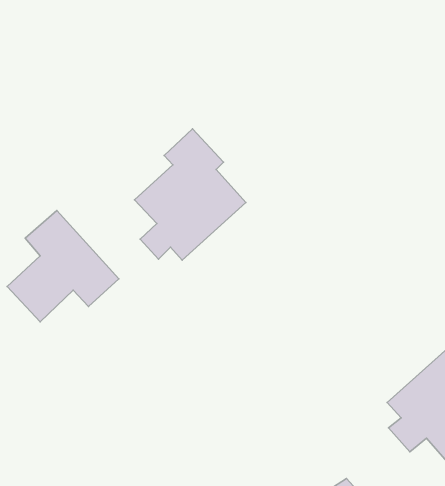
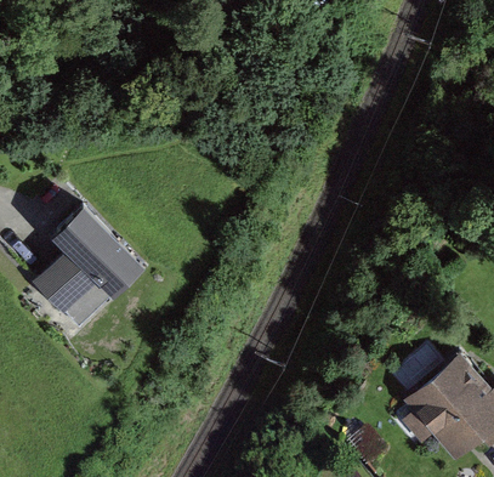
building: [134,129,246,260] -> none

